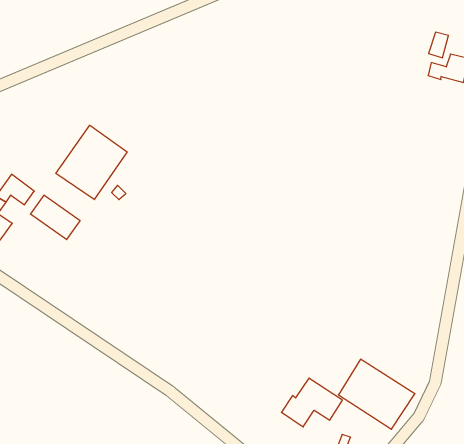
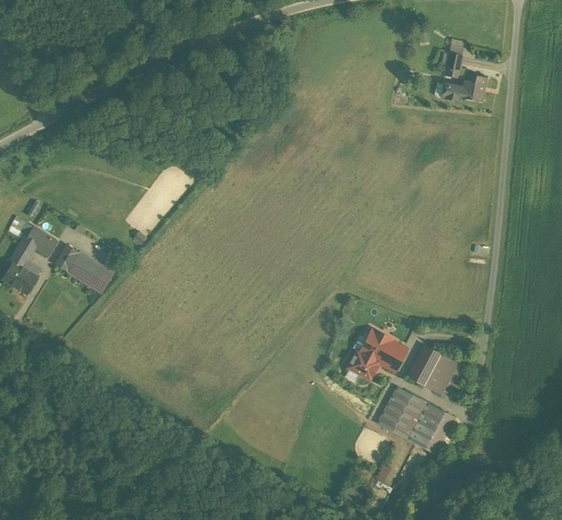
building: [56,125,127,200] -> none
building: none -> [406,343,467,398]
building: [281,378,342,427] -> [346,329,406,378]

